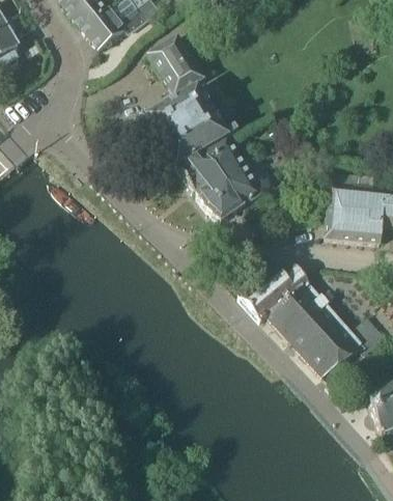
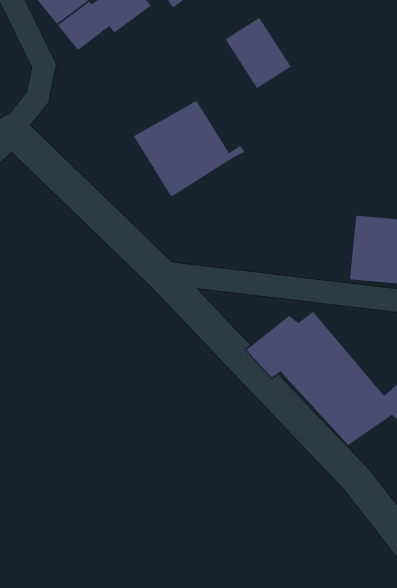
building: [147,34,203,94] -> [224,17,292,89]
building: [176,136,260,219] -> none

